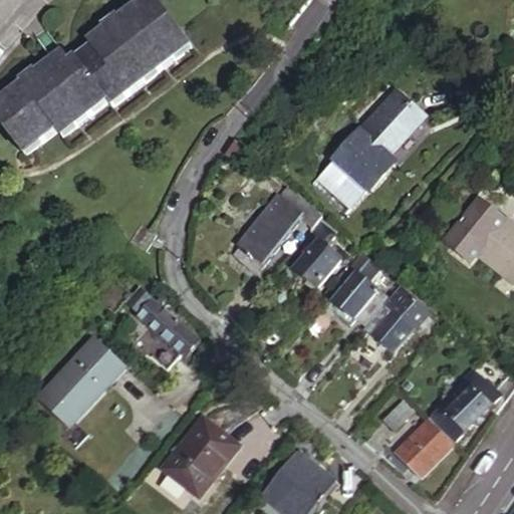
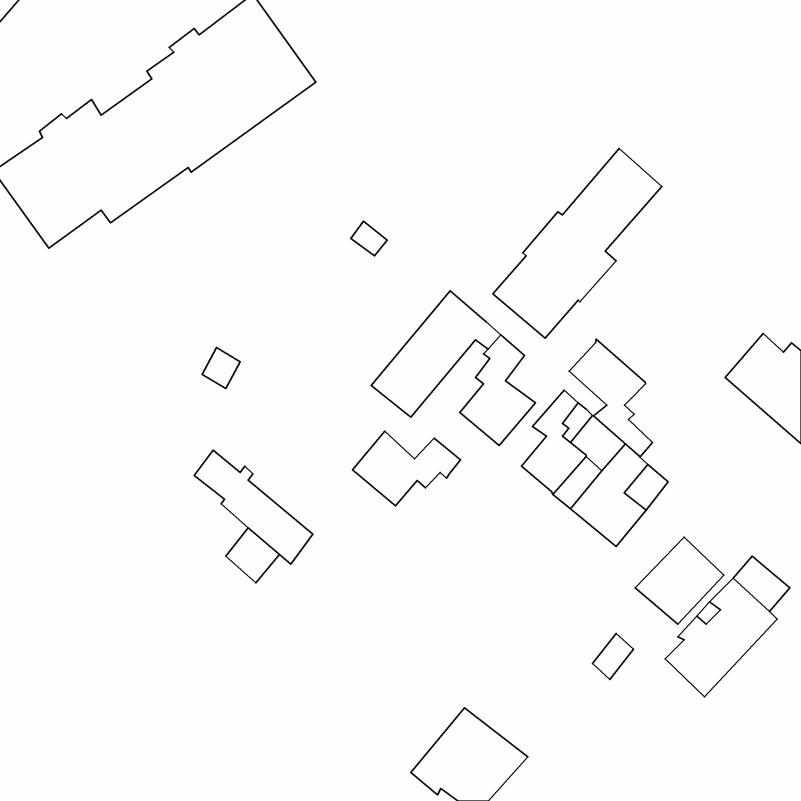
building: none -> [569,339,653,457]
building: none -> [353,431,461,506]
building: [38,336,123,422] -> none
building: [163,418,238,496] -> none
building: [392,419,448,474] -> [635,537,724,624]

